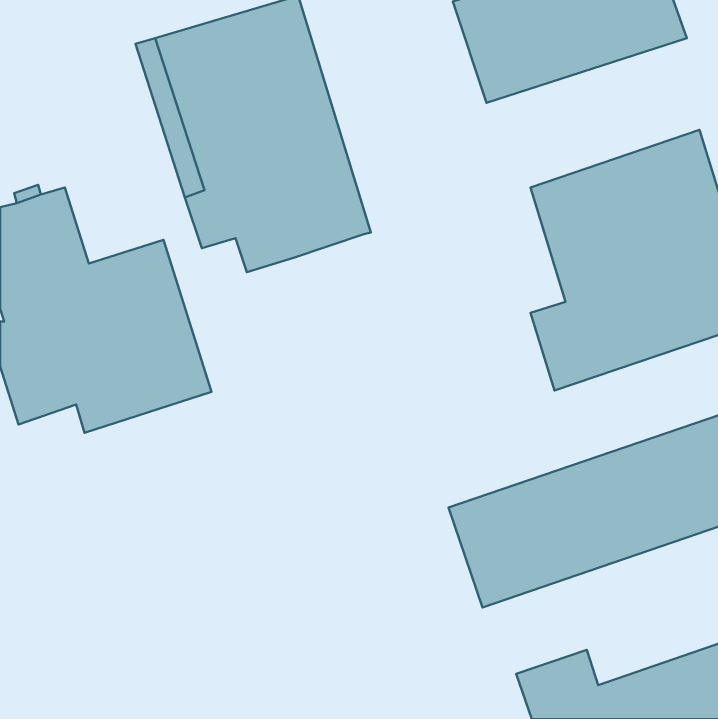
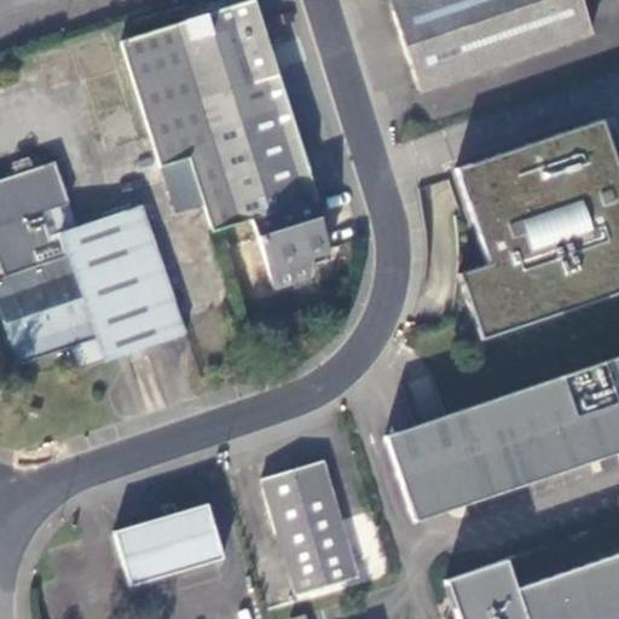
building: none -> [254,201,330,289]
building: none -> [264,459,358,592]
building: none -> [114,503,224,585]

